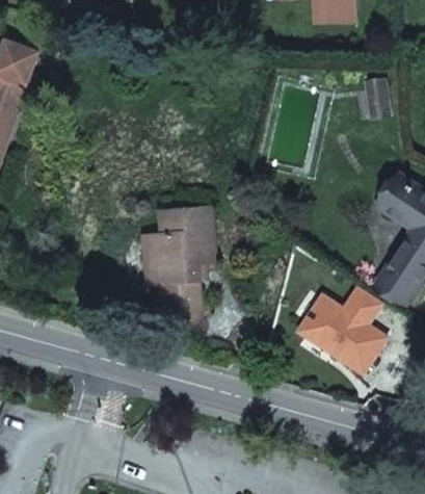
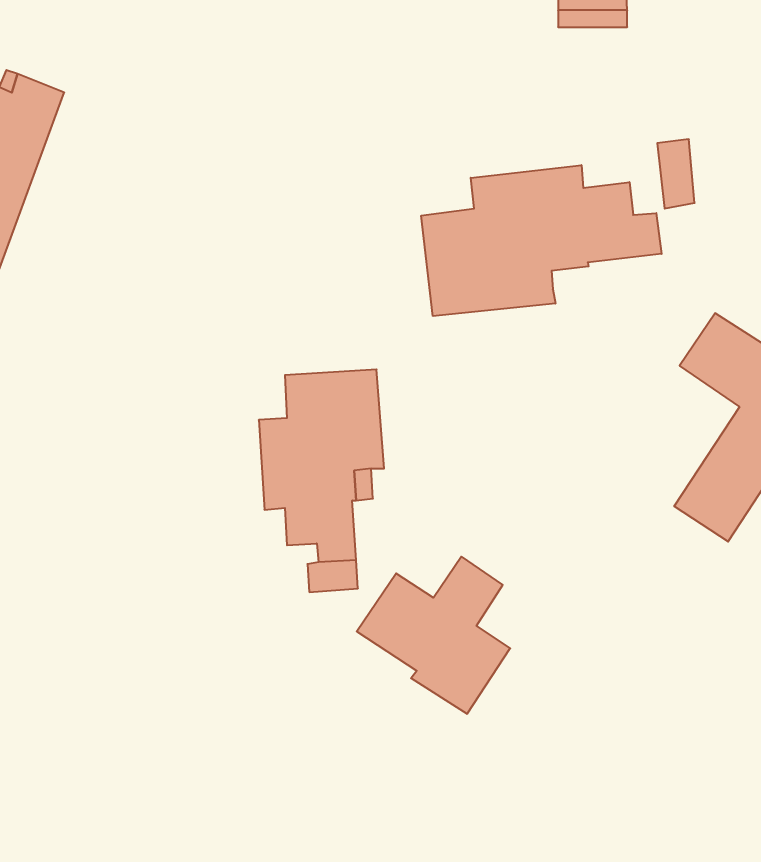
building: none -> [421,165,662,316]
building: [300,285,386,372] -> [357,557,510,714]

